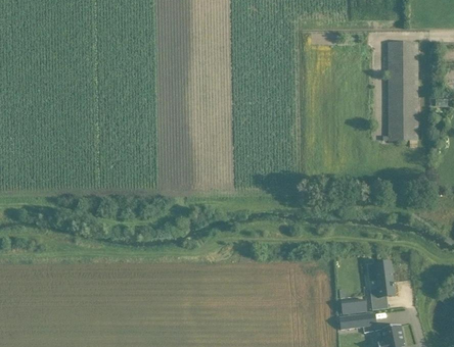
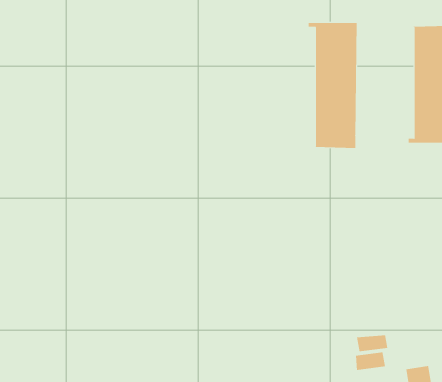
building: none -> [308,22,357,149]
building: [369,260,394,297] -> none

